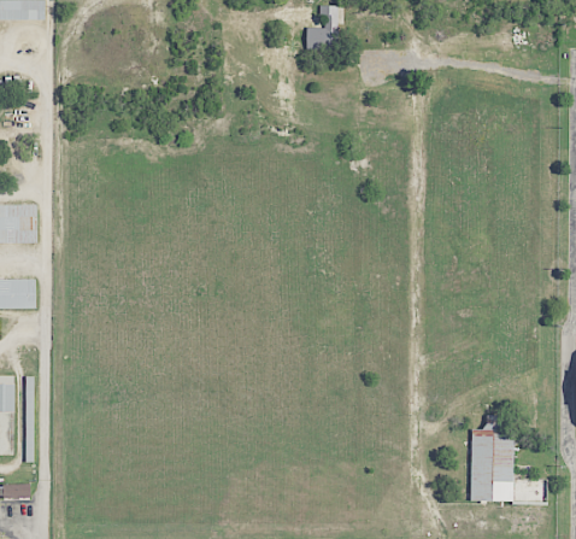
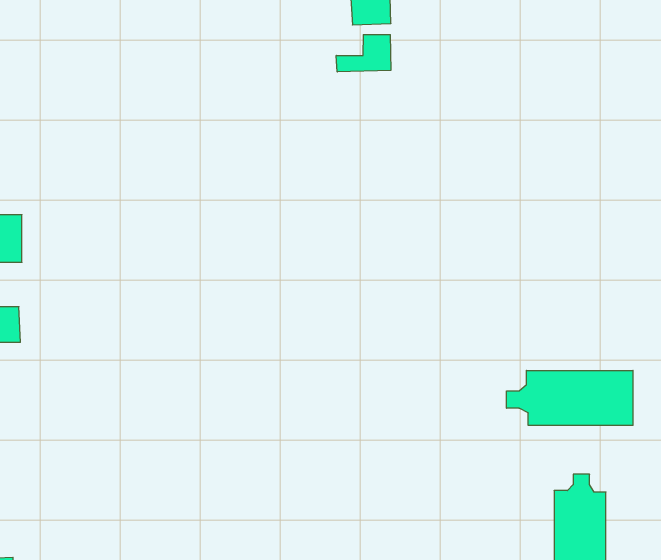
building: none -> [336,35,391,72]
building: none -> [507,370,633,425]

